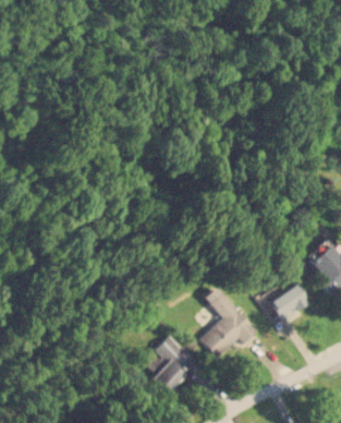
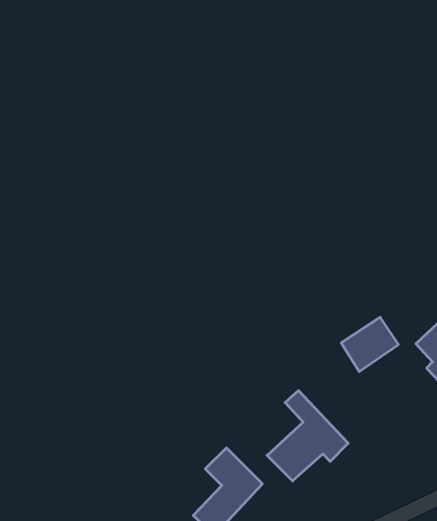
building: [267,282,308,322] -> [341,317,398,372]

